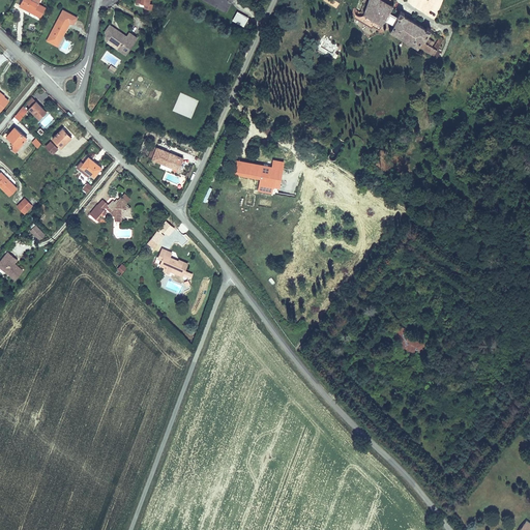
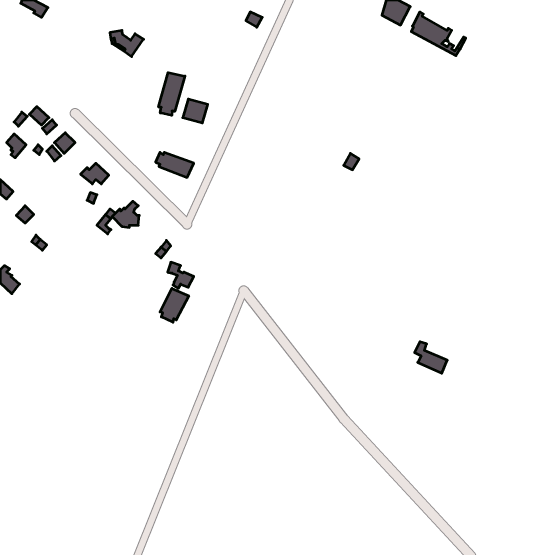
building: [48,10,77,48] -> none
building: none -> [159,73,185,115]
building: [239,159,274,179] -> none
building: none -> [160,288,189,322]

